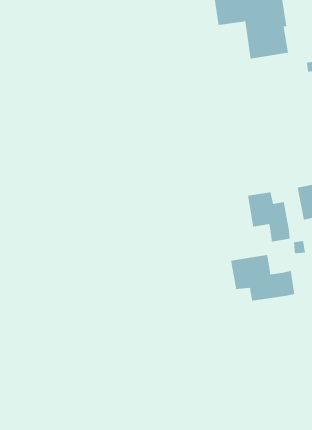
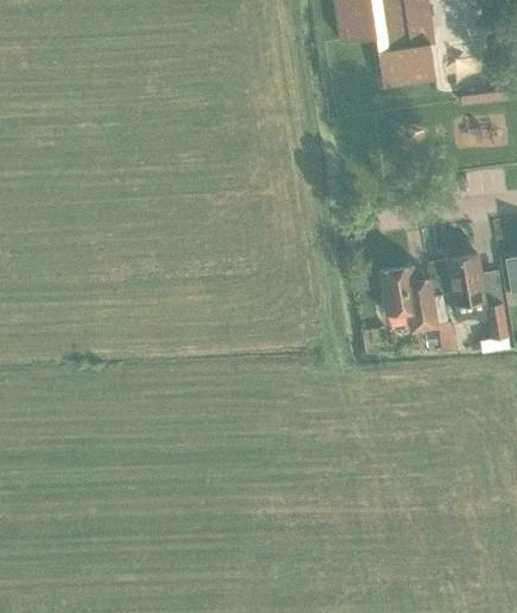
building: [231,254,295,302] -> none

